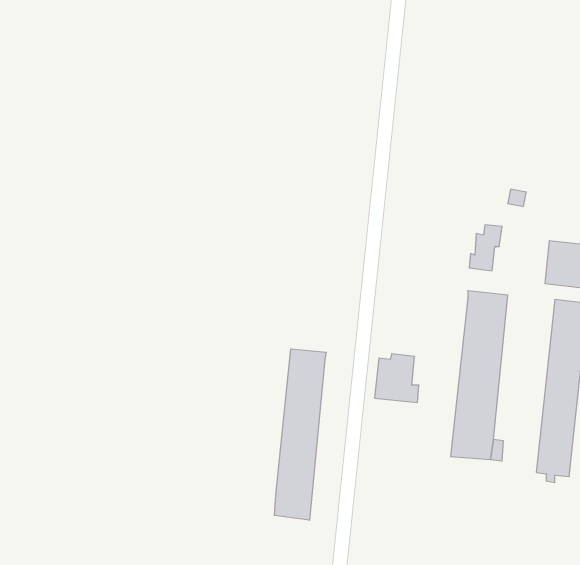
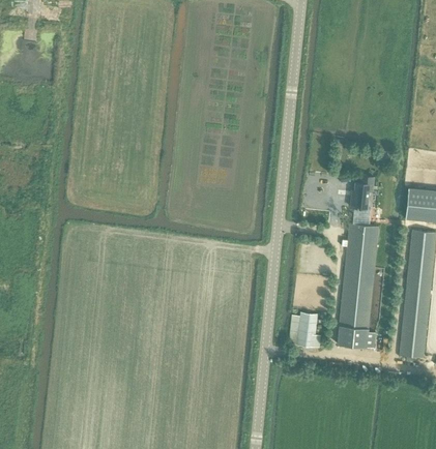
building: [274,349,326,520] -> none
building: [375,354,419,402] -> [288,312,320,348]

